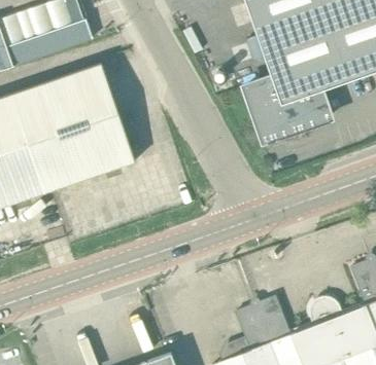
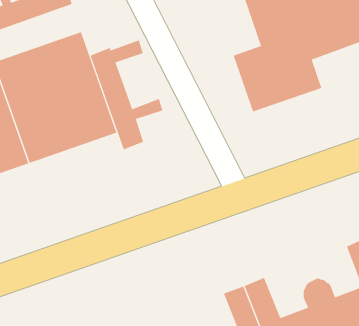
building: none -> [90,40,163,150]

